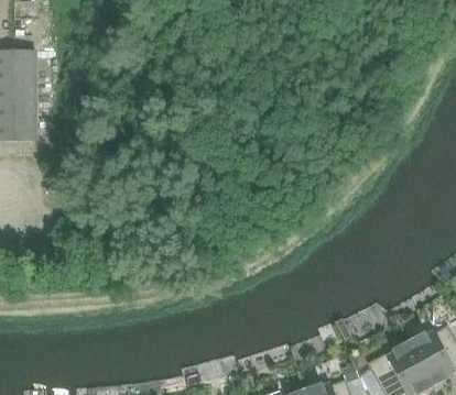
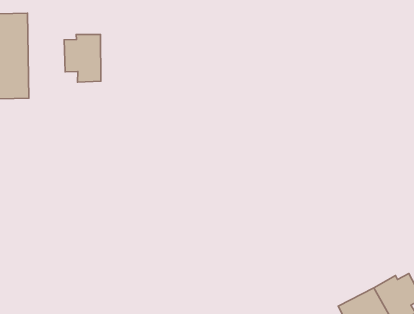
building: none -> [64,34,101,82]

